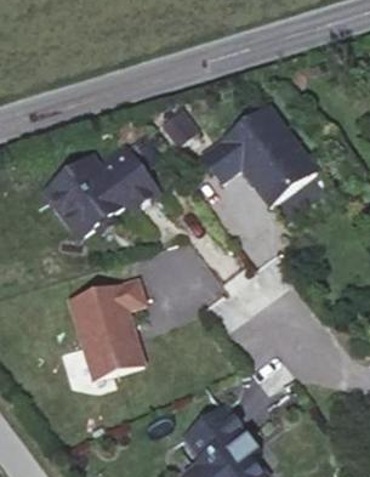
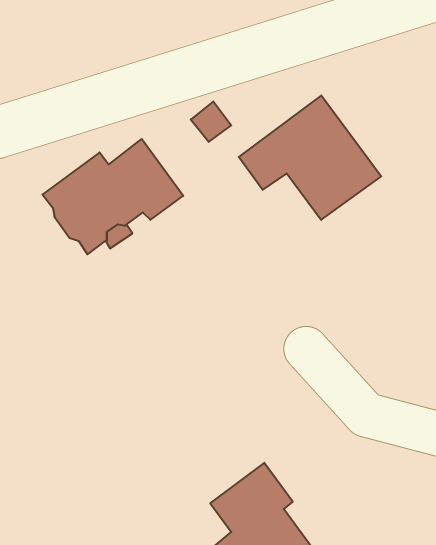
building: [69,278,142,376] -> none

